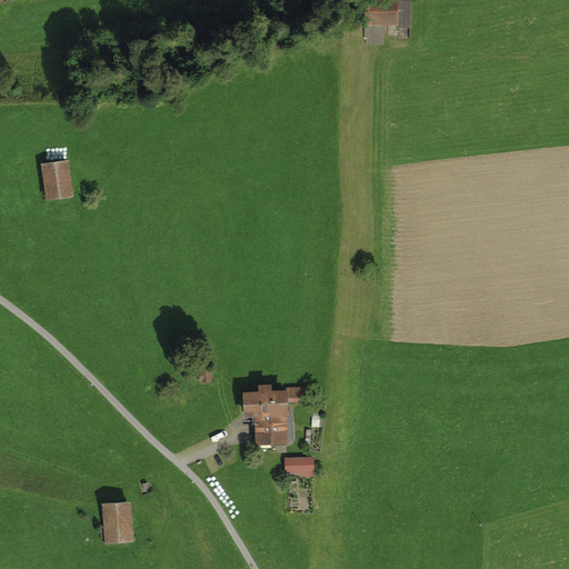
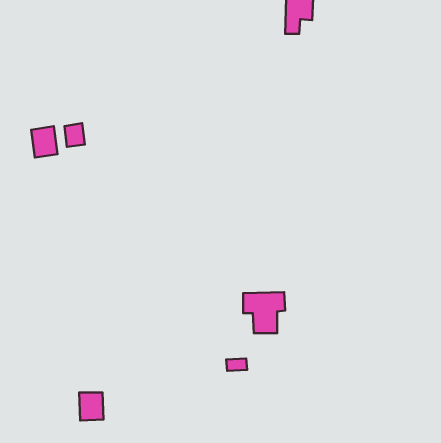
building: none -> [64,123,85,147]
building: [243,391,297,443] -> [243,292,285,333]

